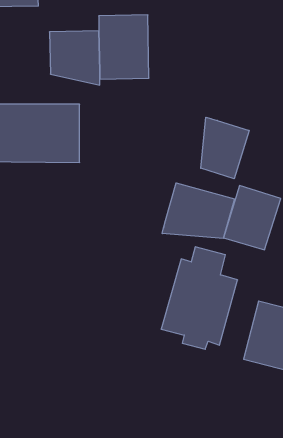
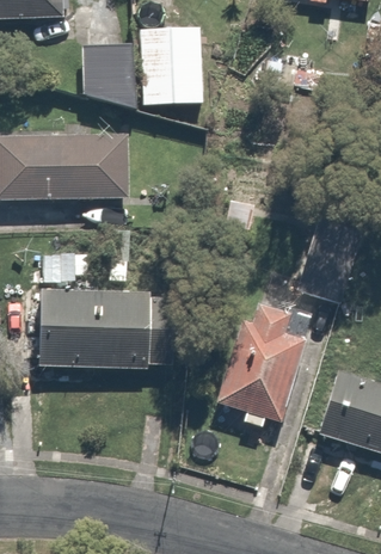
building: [201,117,249,179] -> none
building: [162,183,234,238] -> none
building: none -> [33,291,173,373]

